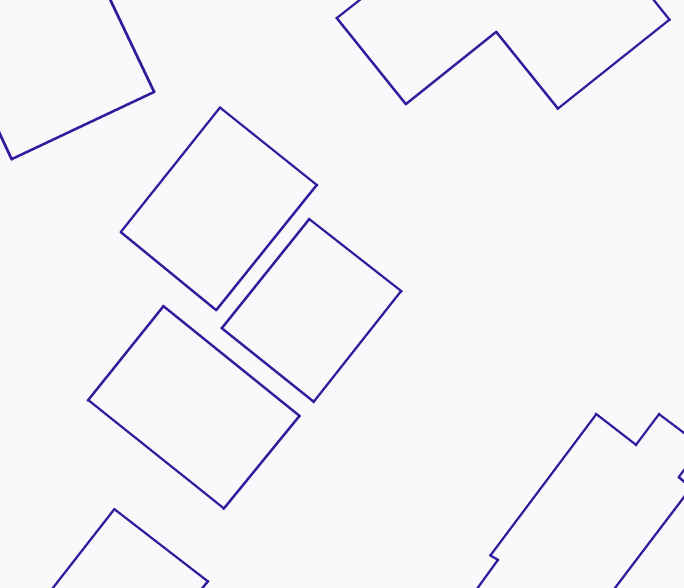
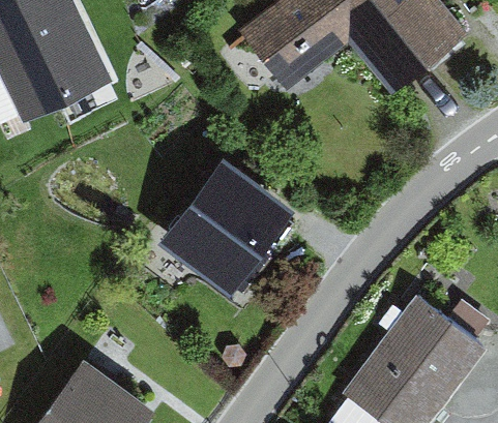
building: [121,108,317,310] -> none
building: [88,306,300,509] -> none

